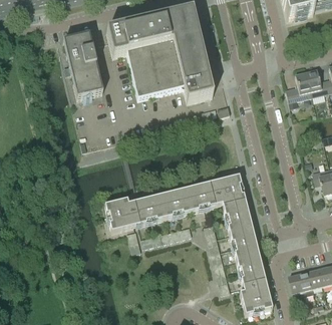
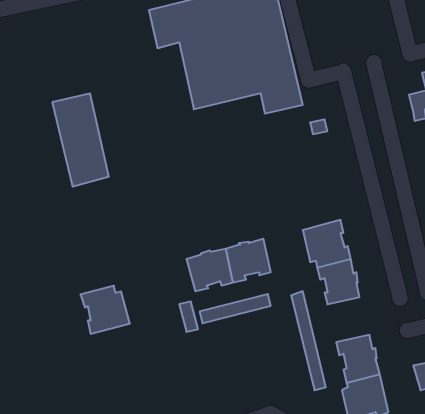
building: [63,34,102,98] -> [52,93,109,187]
building: [186,182,218,211] -> none
building: [104,198,138,231] -> [80,286,130,334]
building: [230,228,259,259] -> none

